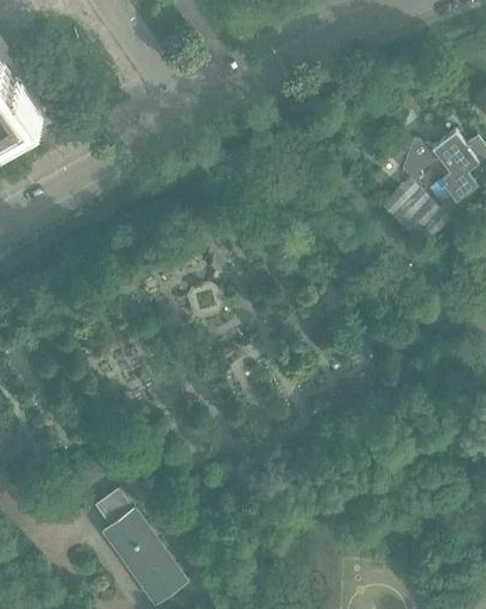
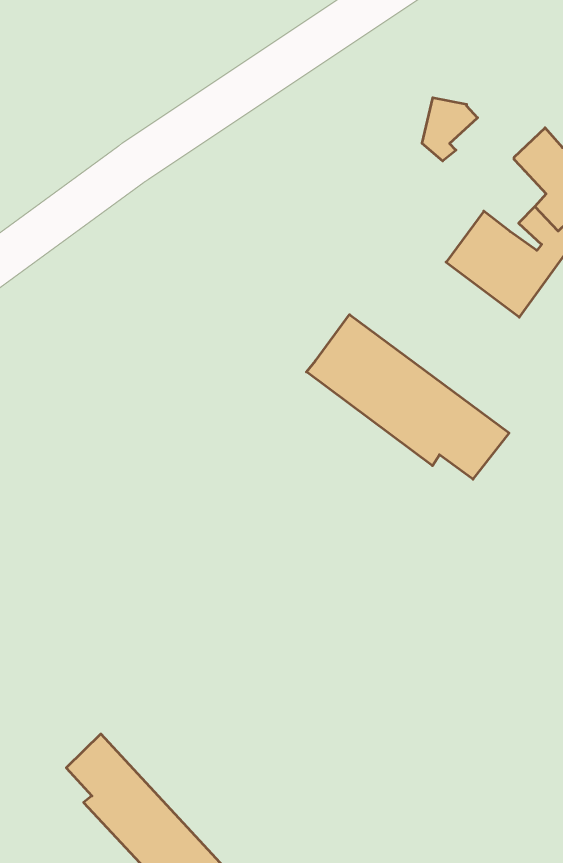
building: [400,142,438,183] -> [422,98,478,161]
building: none -> [306,315,509,479]

